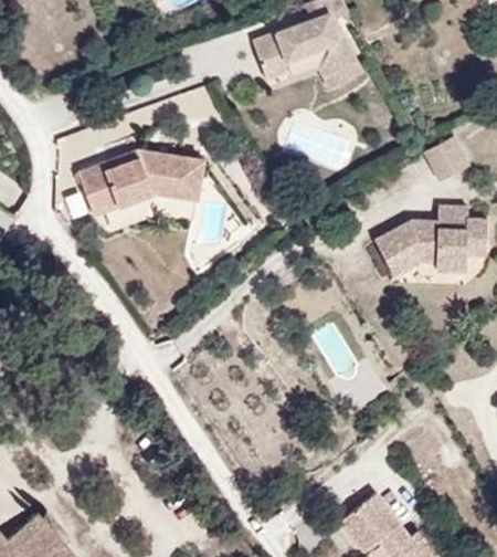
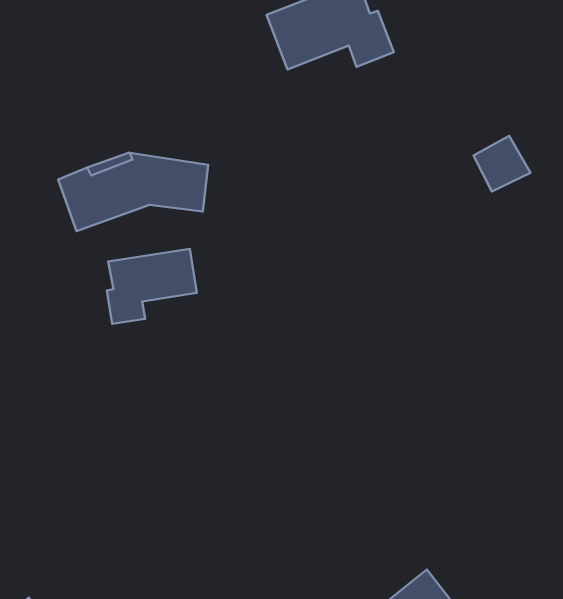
building: [370,204,486,285] -> none
building: none -> [107,249,197,324]

